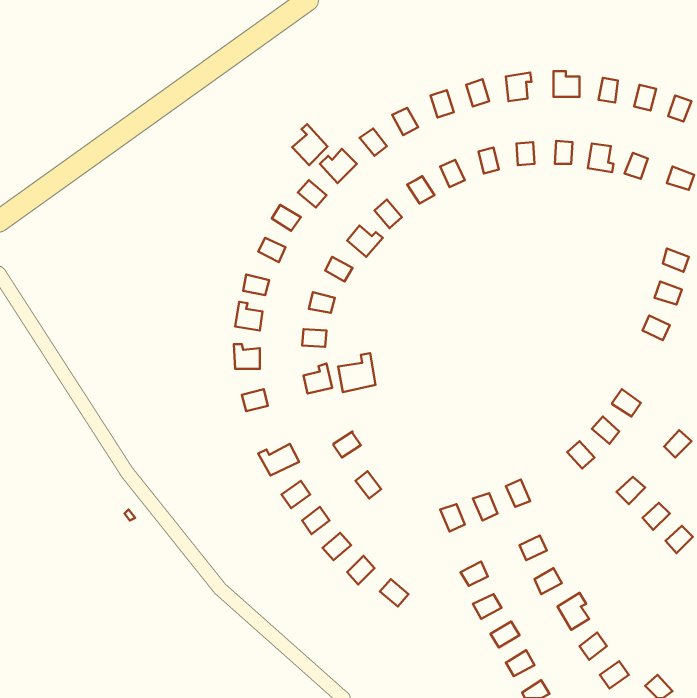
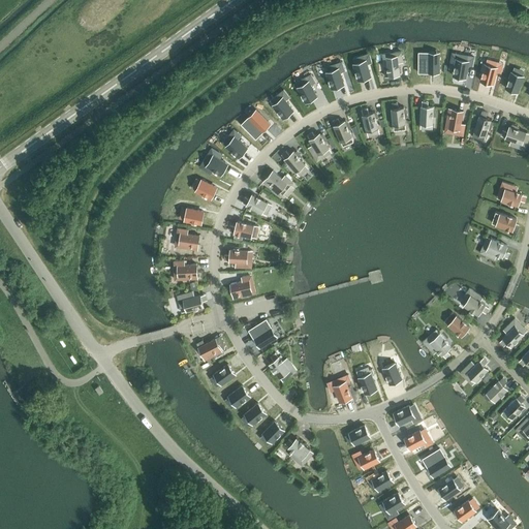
building: [292,124,328,165] -> none
building: [338,353,375,392] -> none

